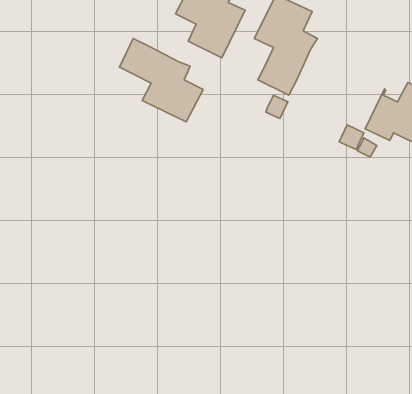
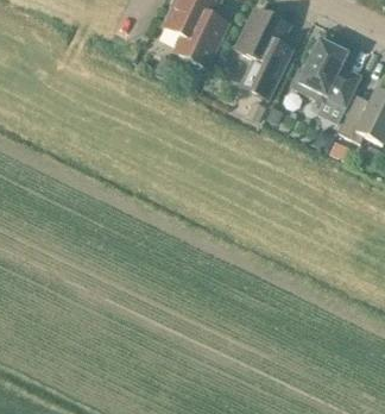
building: none -> [291,37,360,104]
building: [119,39,203,122] -> none

